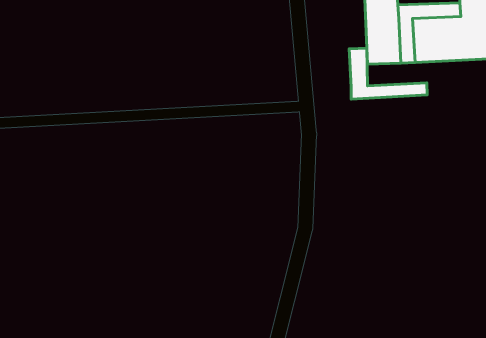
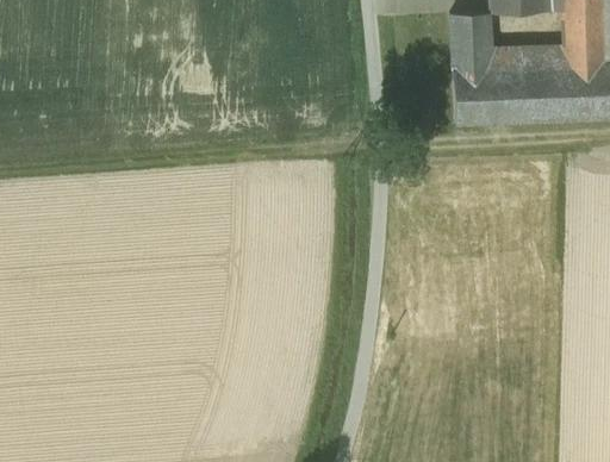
building: [349,48,427,99] -> none

